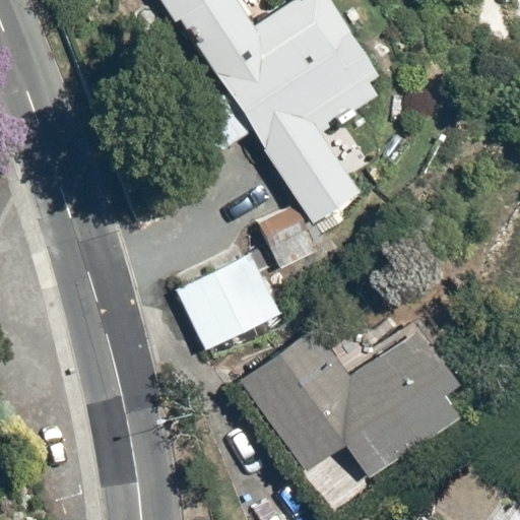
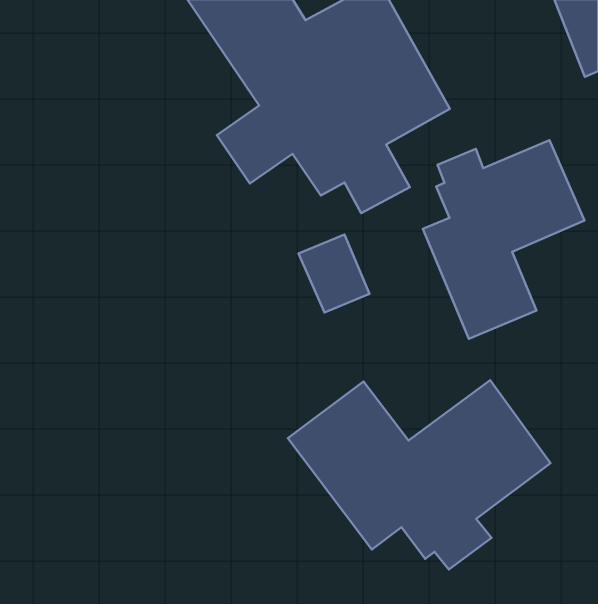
building: none -> [423,140,585,339]
building: [171,252,278,351] -> none

